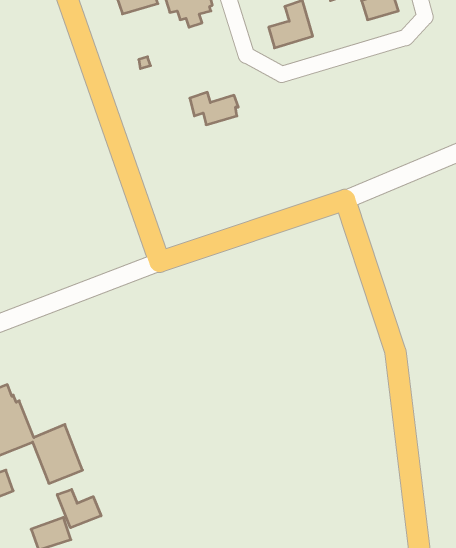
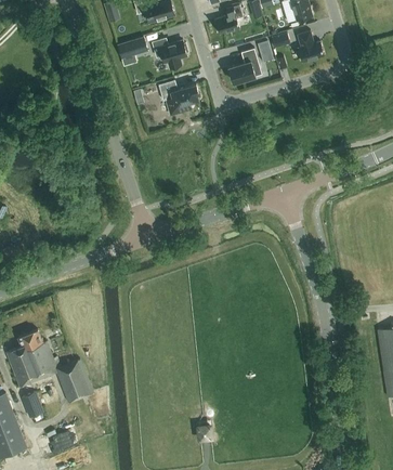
building: [190,92,238,125] -> [162,82,198,106]
building: [57,489,101,528] -> none

